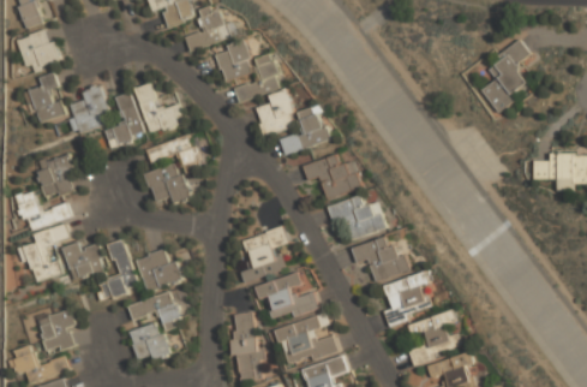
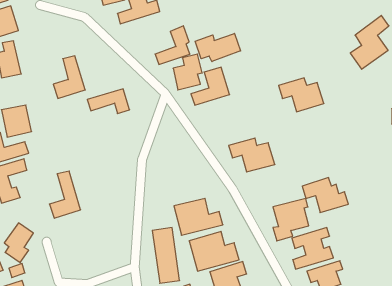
building: [215,42,253,83] -> none
building: none -> [195,33,241,62]
building: [134,83,184,132] -> none
building: [68,85,110,132] -> none
building: [303,156,360,200] -> [279,78,324,112]
building: [144,161,205,206] -> none
building: [240,226,288,281] -> none
building: [351,238,409,282] -> [302,178,348,213]
building: [62,242,106,280] -> none
building: [136,249,182,291] -> none
building: [127,291,181,363] -> none

